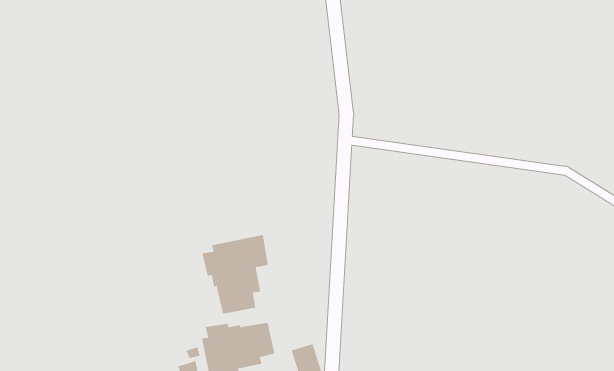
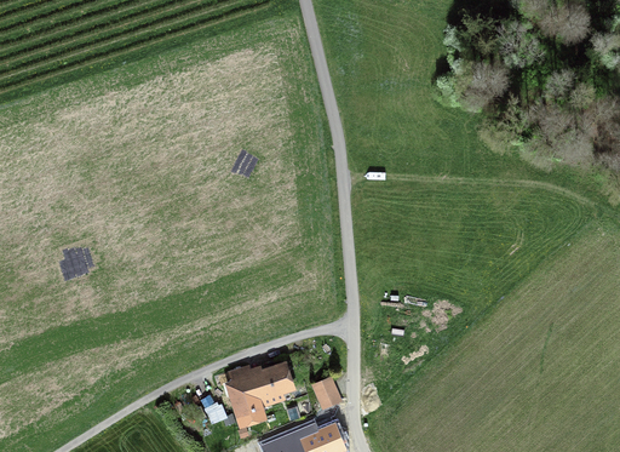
building: [202,234,269,314] -> none

